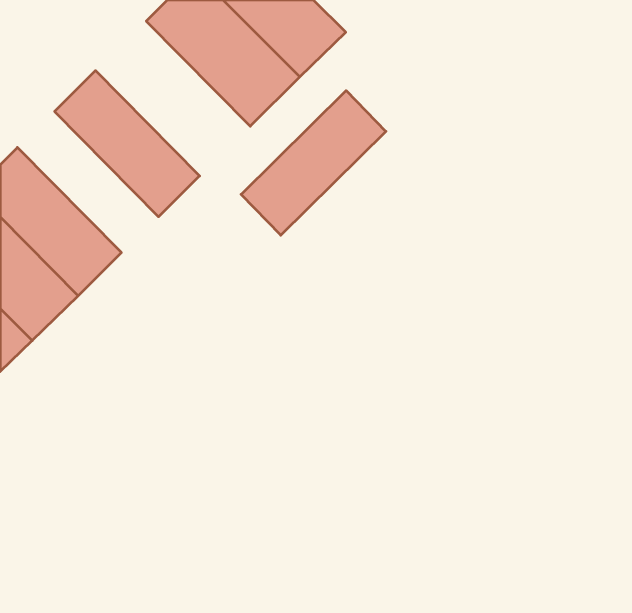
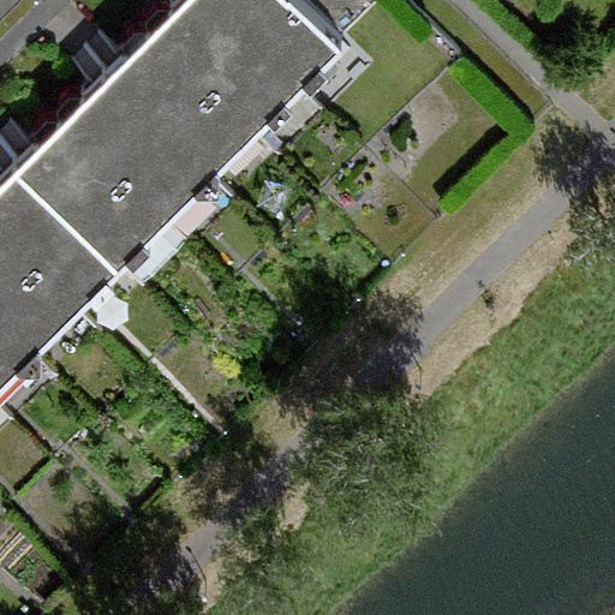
building: none -> [94,40,244,190]
building: [241,91,386,235] -> none
building: none -> [18,127,155,264]

